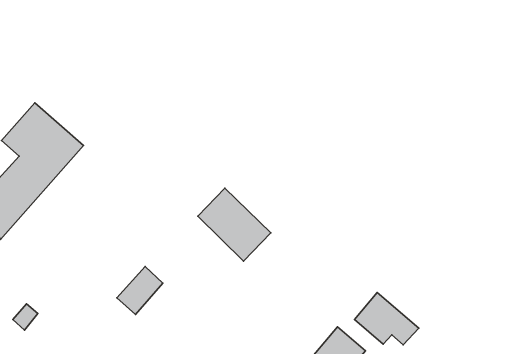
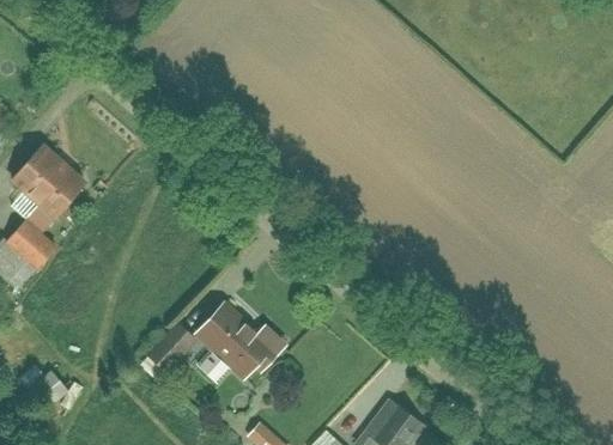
building: [198,188,271,261] -> [205,305,289,389]
building: [354,292,419,345] -> none

